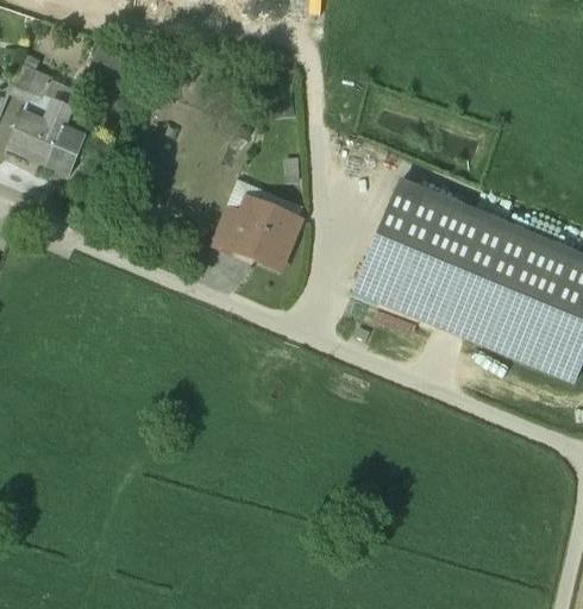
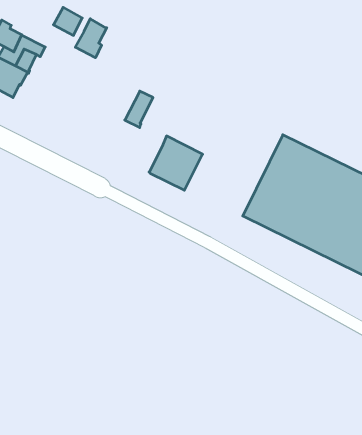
building: none -> [75,19,107,58]
building: [45,127,84,171] -> none
building: [209,203,244,251] -> [125,91,153,128]

